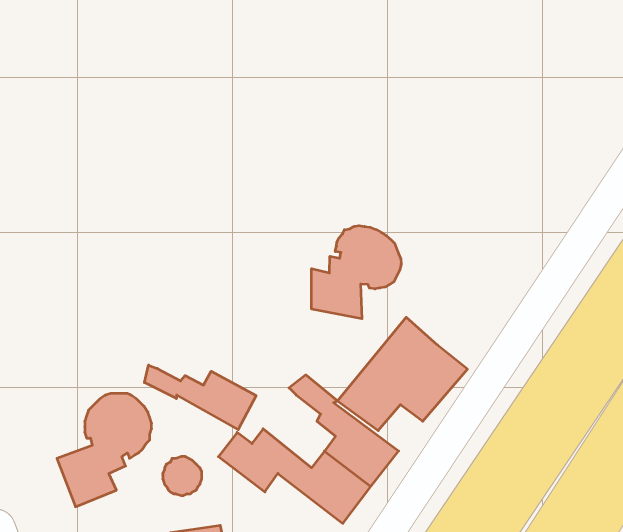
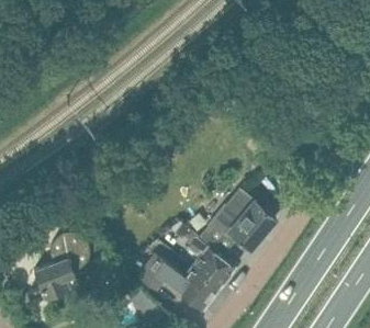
building: [312,226,401,319] -> none
building: [144,365,256,430] -> none

